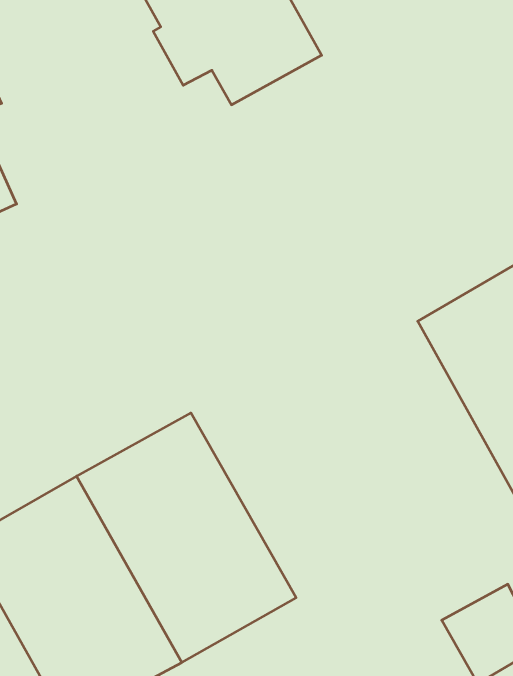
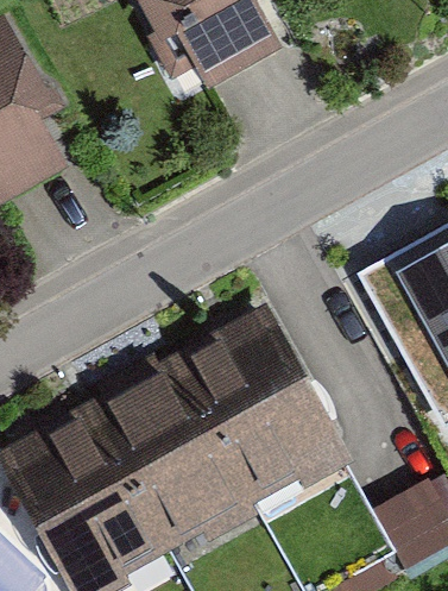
building: none -> [184,298,356,496]

